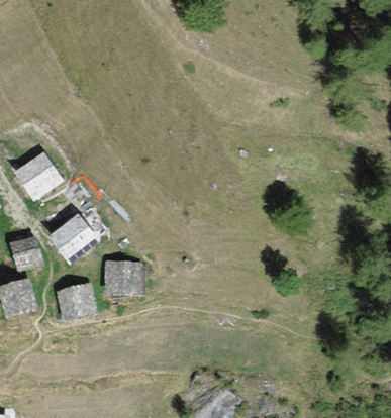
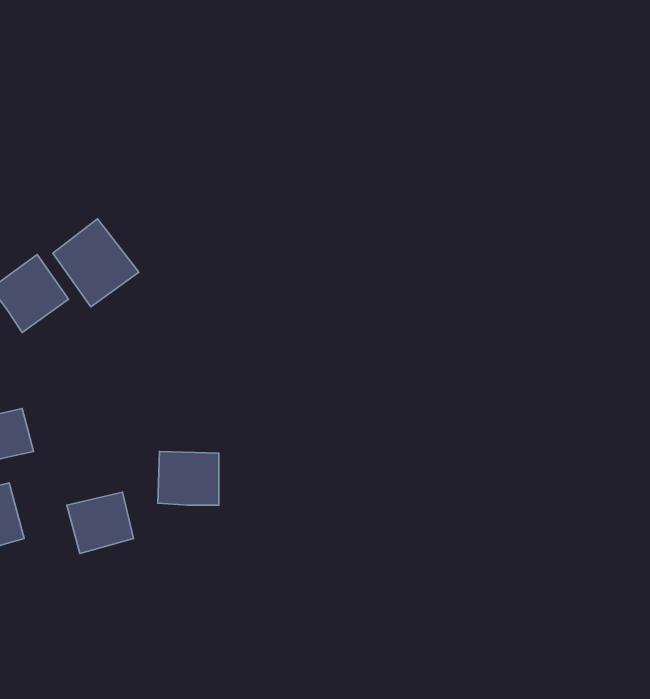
building: none -> [53,219,139,307]
building: [51,215,95,258] -> none

